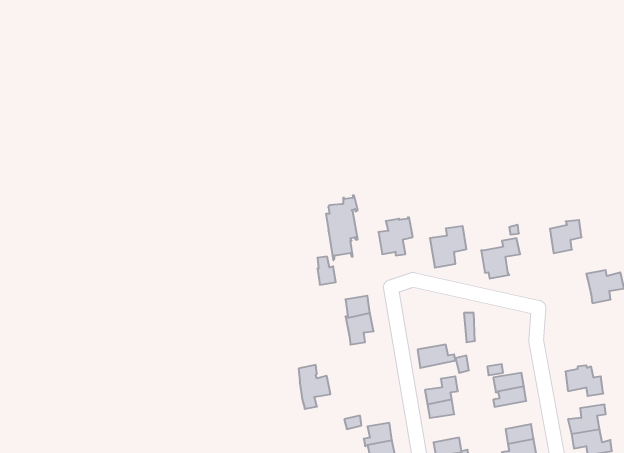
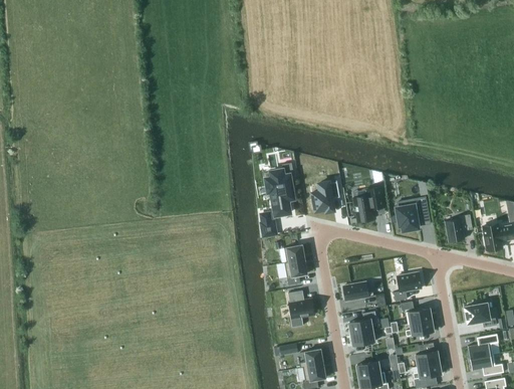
building: [550,220,582,253] -> [446,214,472,241]
building: none -> [394,271,422,301]
building: [299,365,330,409] -> [288,289,314,326]

